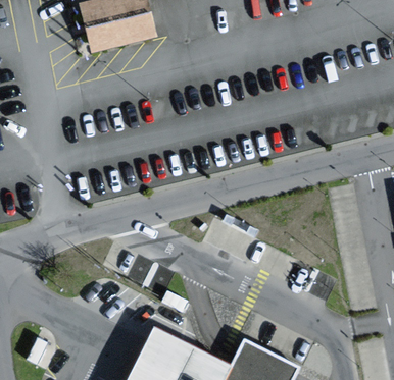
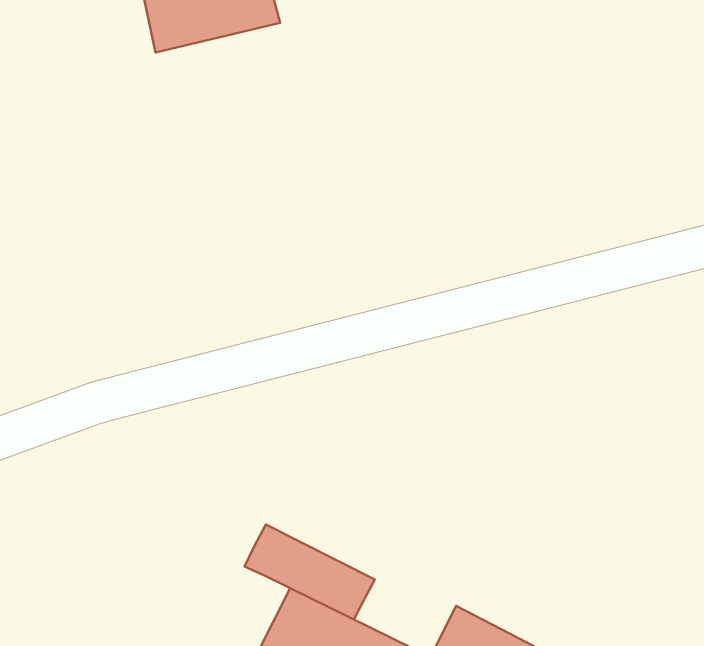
building: none -> [244,525,375,619]

